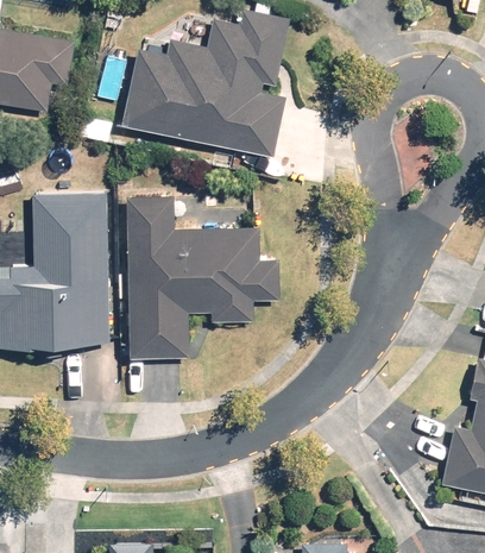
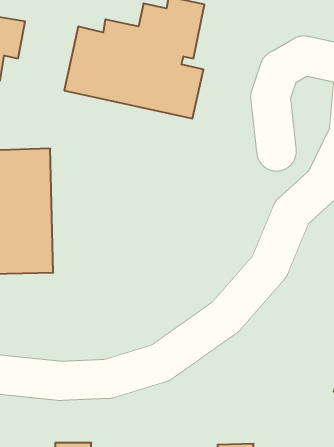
building: [128,196,279,359] -> none

